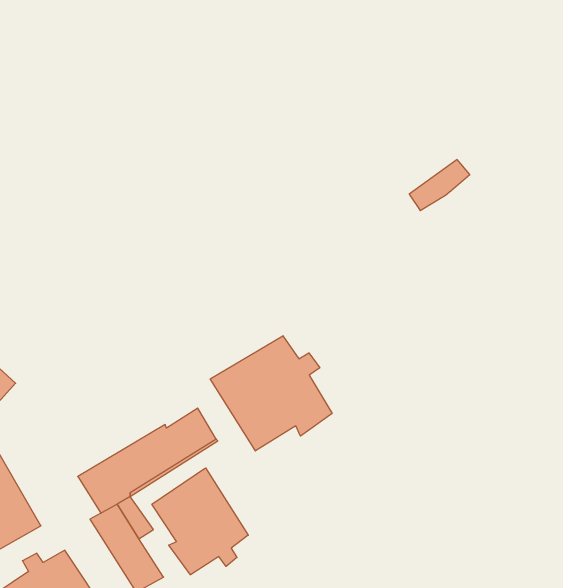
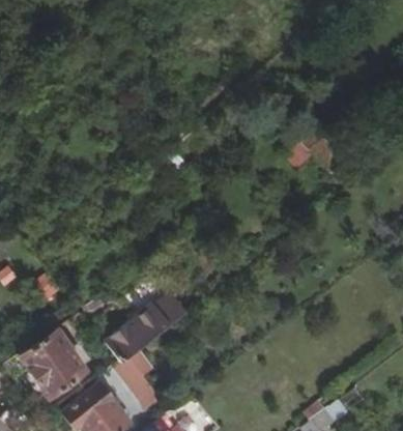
building: [210,336,332,451] -> none
building: [152,468,248,575] -> none

